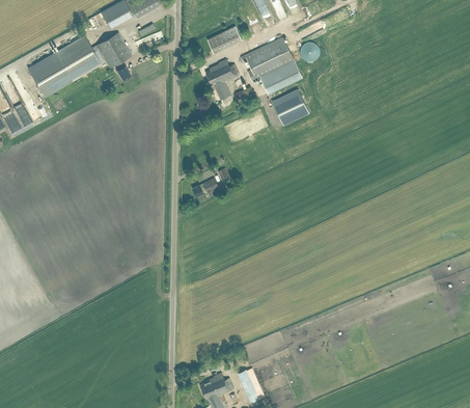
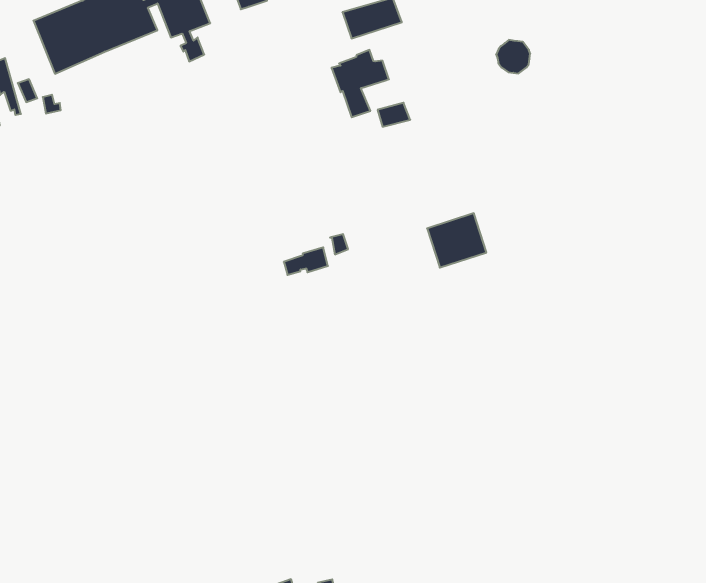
building: [241,36,303,93] -> none
building: [273,90,309,125] -> [427,213,486,268]

